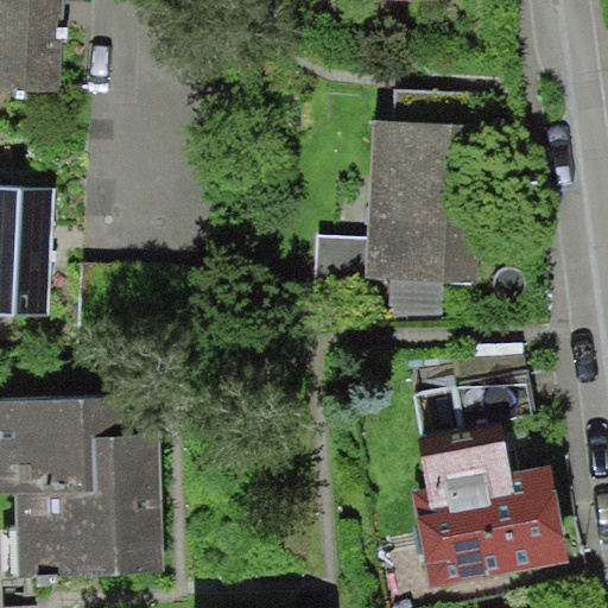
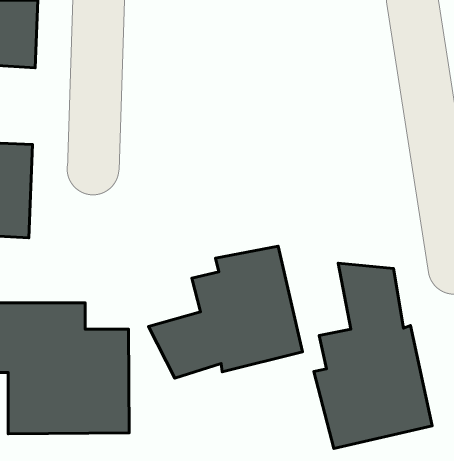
building: [305,94,482,324] -> none
building: none -> [148,246,303,378]

